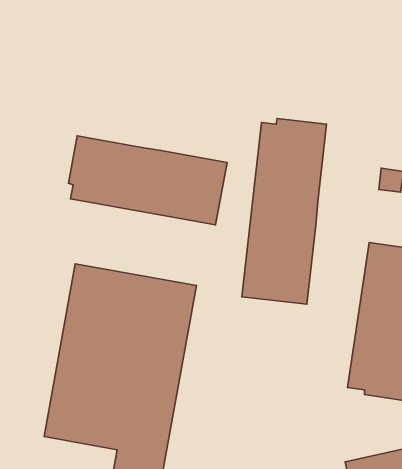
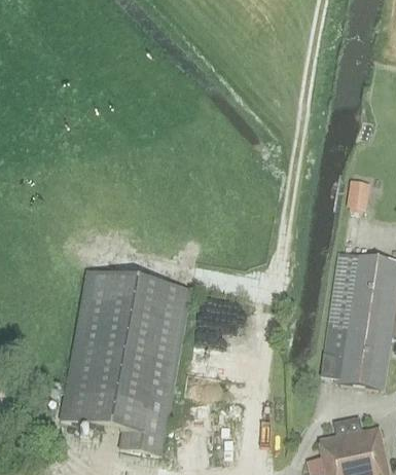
building: [242,119,327,304] -> none
building: [69,136,227,225] -> none

